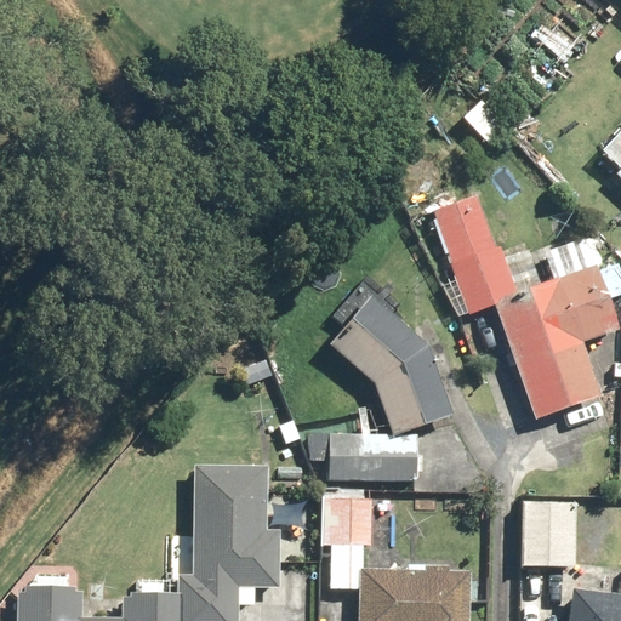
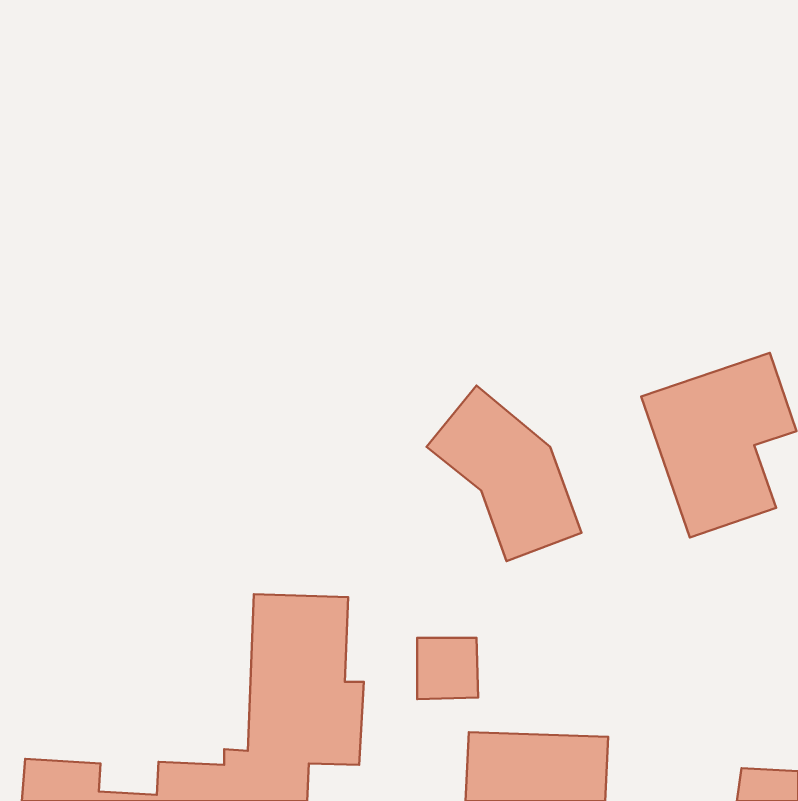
building: [435,199,513,309] -> none
building: [325,441,410,483] -> none
building: [520,496,572,566] -> none

